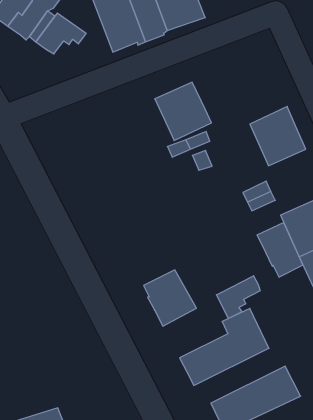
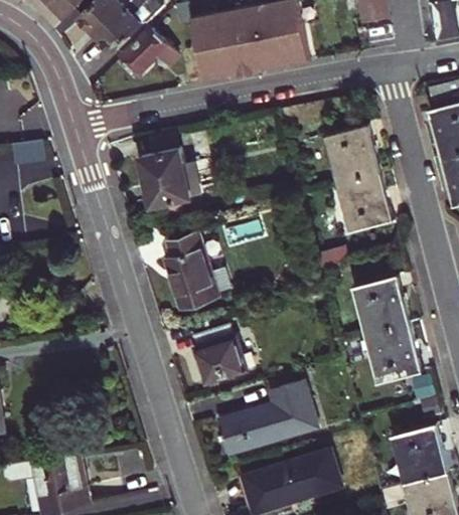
building: [155,82,211,141] -> [323,125,379,184]
building: none -> [140,149,190,206]
building: none -> [165,232,231,309]
building: [257,222,303,277] -> none
building: [216,276,260,319] -> none

